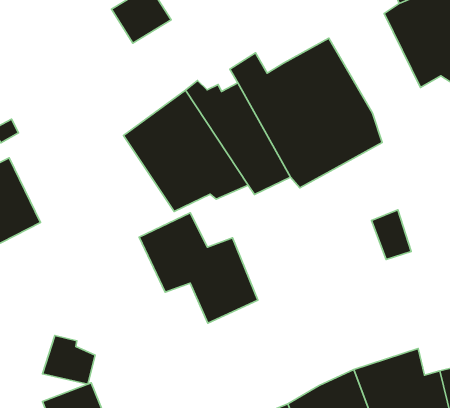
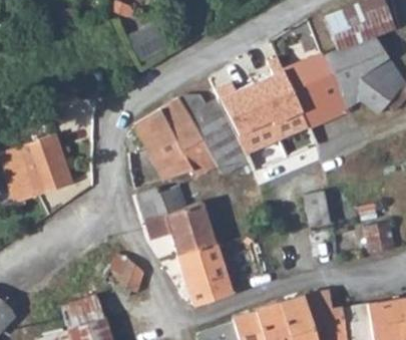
building: none -> [284,55,345,124]
building: none -> [182,249,233,305]
building: [42,335,95,384] -> [108,257,146,293]

